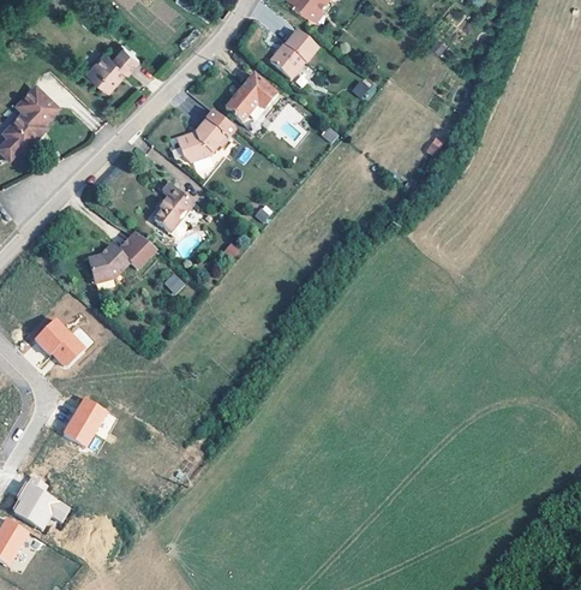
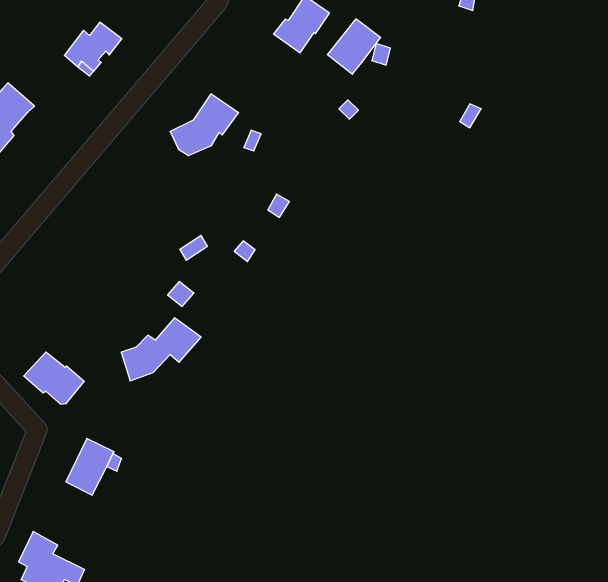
building: none -> [327,19,381,74]
building: [224,72,276,120] -> none
building: [154,185,193,238] -> none
building: [88,232,157,284] -> [121,318,201,381]

